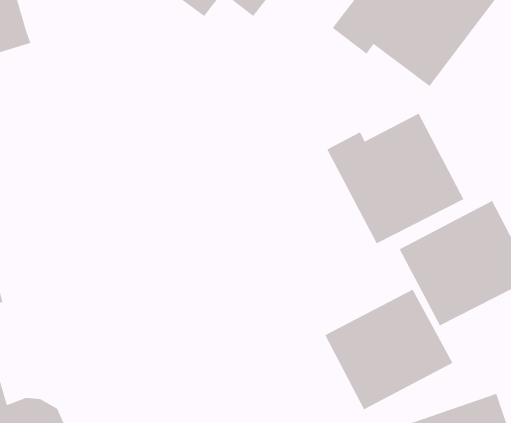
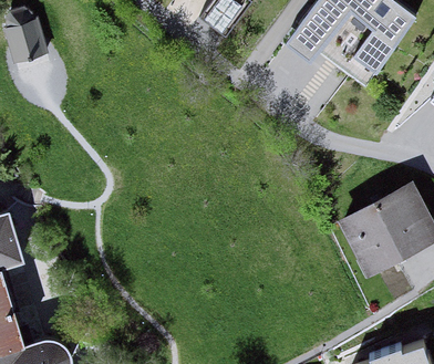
building: [326,113,464,244] -> none
building: [324,289,453,410] -> none

